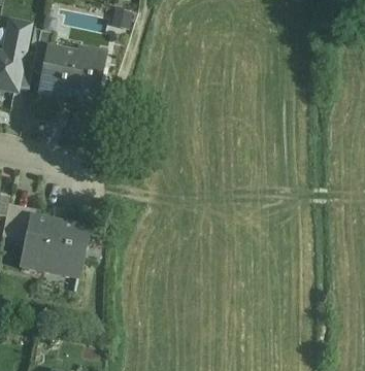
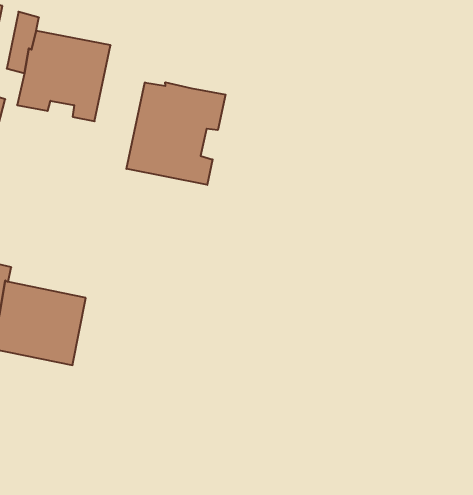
building: none -> [126,82,226,185]

